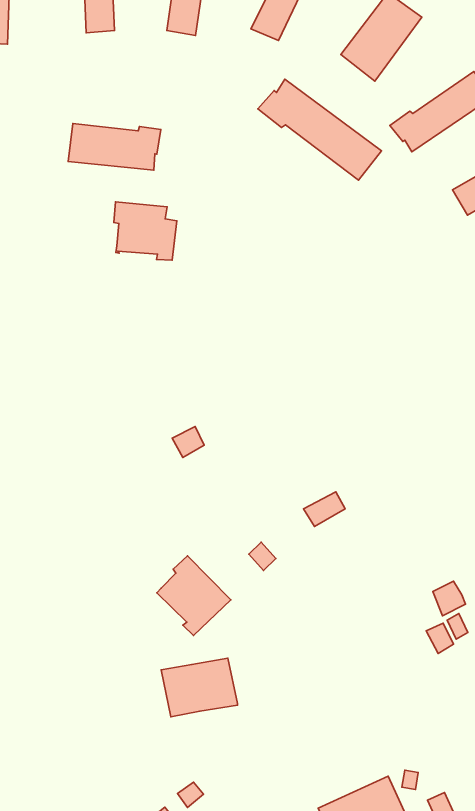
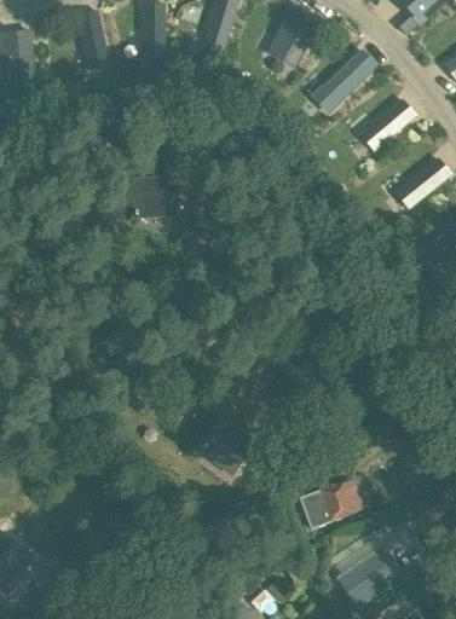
building: [258,79,381,180] -> none
building: [68,124,161,170] -> none
building: [161,658,238,717] -> [298,482,354,530]

